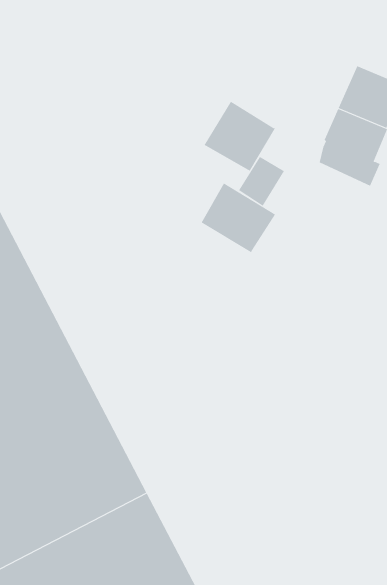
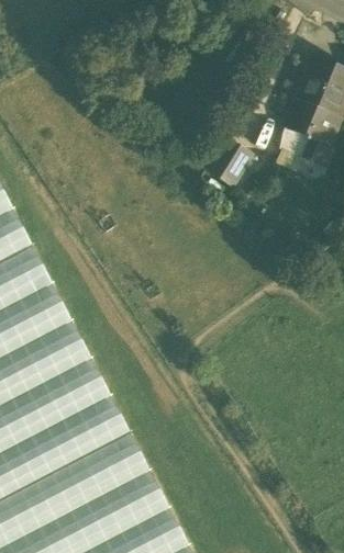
building: [204,101,276,172] -> none
building: [201,182,276,253] -> none

